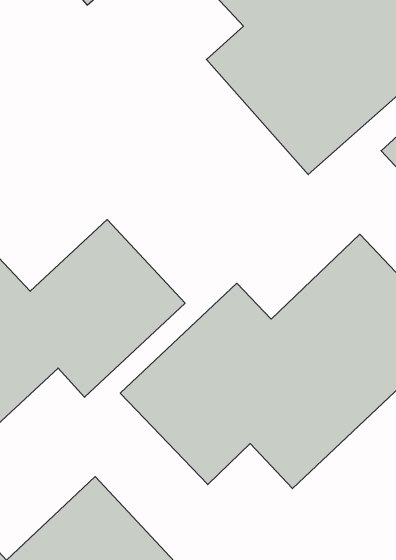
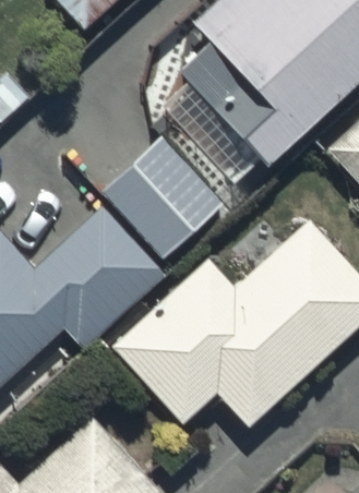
building: none -> [99,131,228,260]

